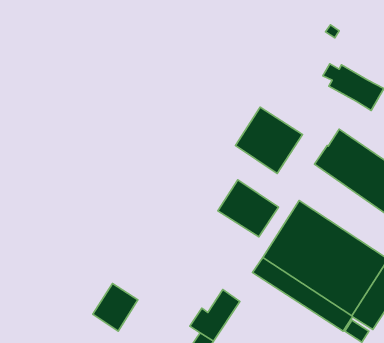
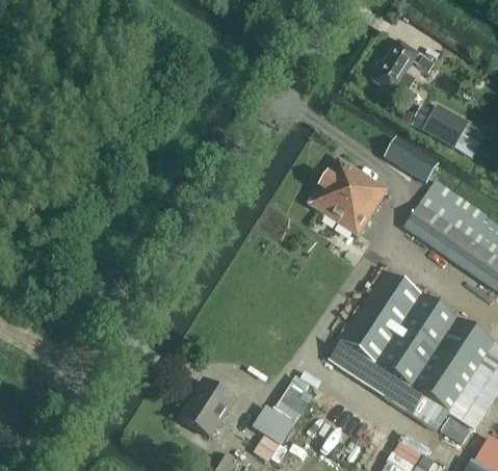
building: none -> [371,37,419,99]
building: none -> [384,136,437,184]
building: [218,180,279,237] -> none
building: [93,284,138,331] -> [179,378,234,437]

